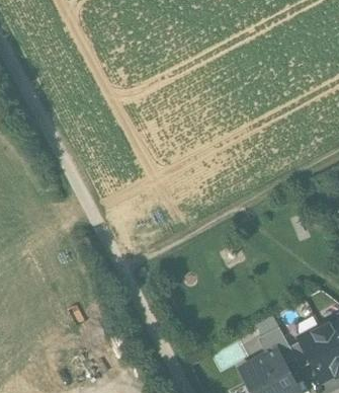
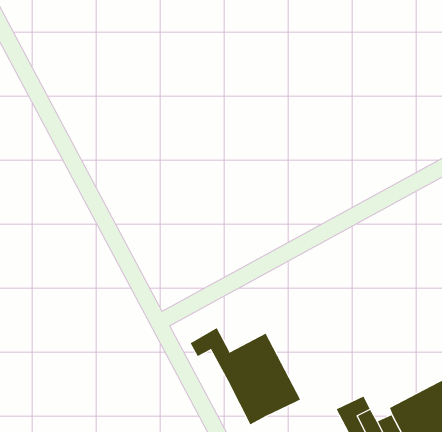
building: none -> [190,327,301,425]

